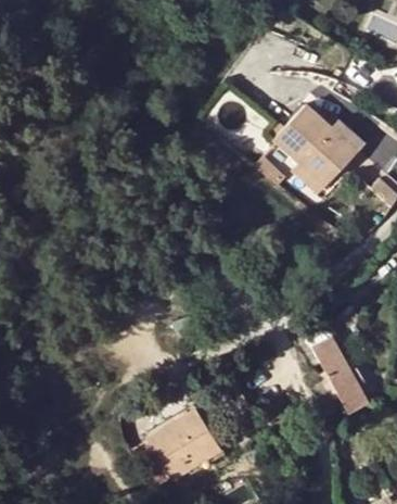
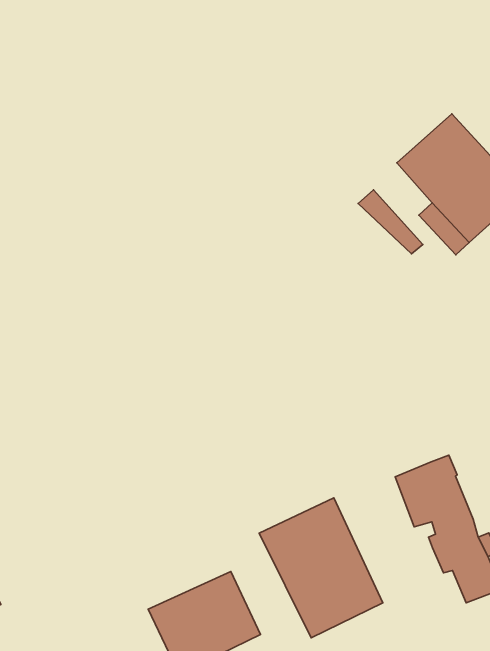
building: none -> [259,498,383,638]

